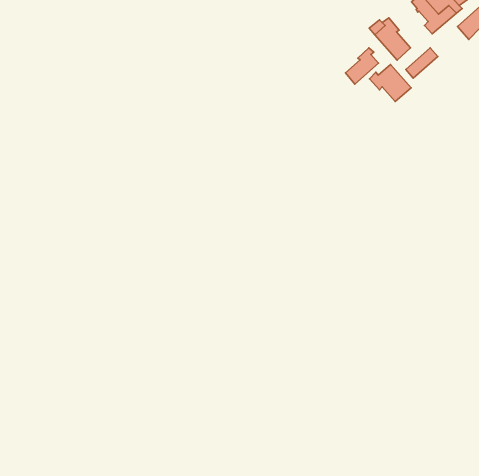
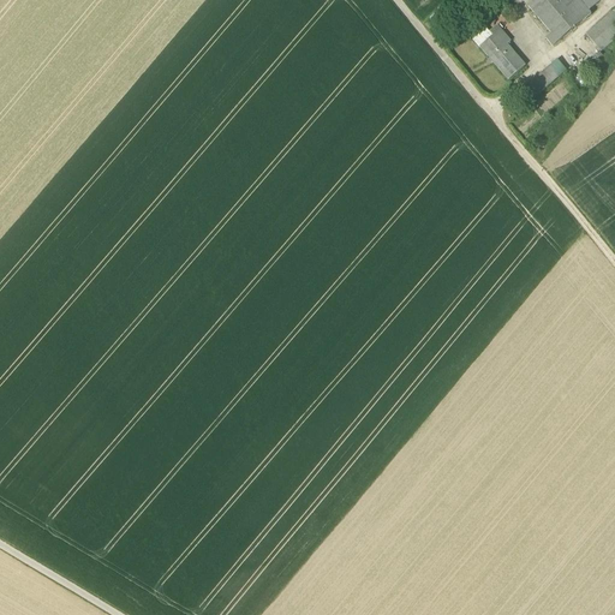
building: [345,48,378,84] -> none
building: [369,64,411,102] -> none

